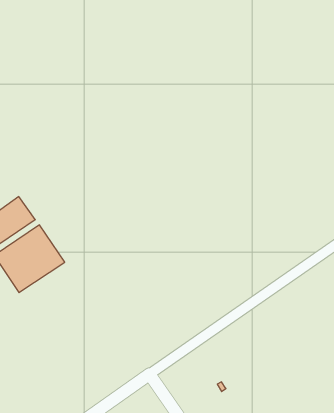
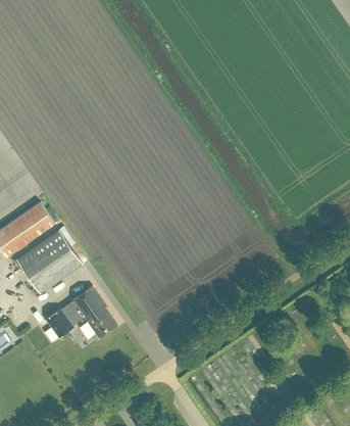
building: none -> [45,287,117,343]

